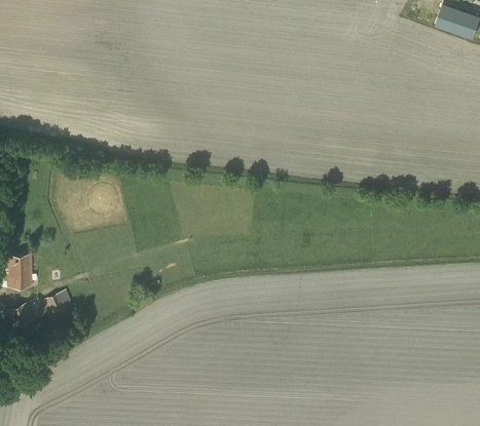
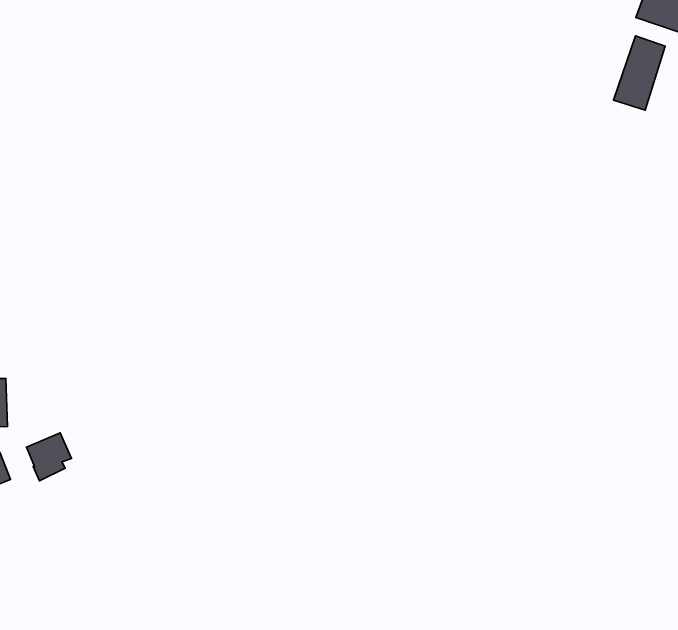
building: none -> [613,36,665,110]

